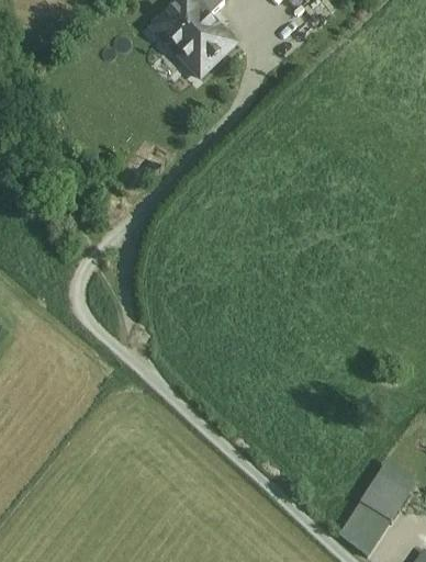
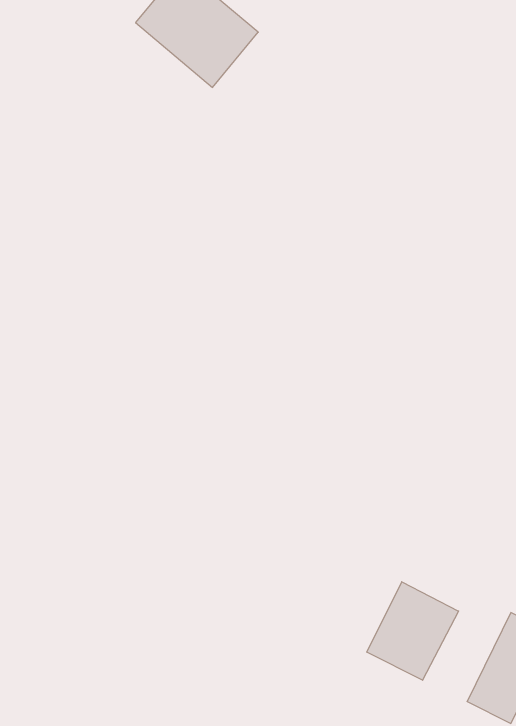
building: none -> [367,582,459,680]

